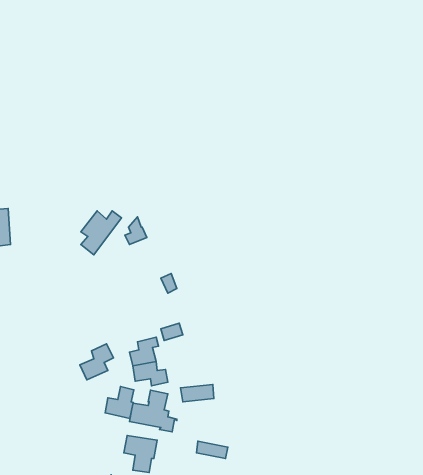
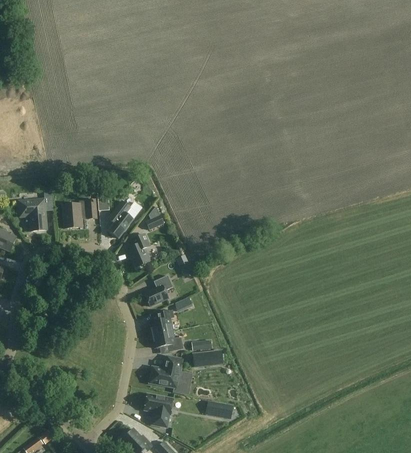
building: none -> [62,199,95,228]
building: none -> [126,233,149,267]
building: [80,344,114,380] -> [144,274,173,305]
building: [105,387,134,419] -> none

